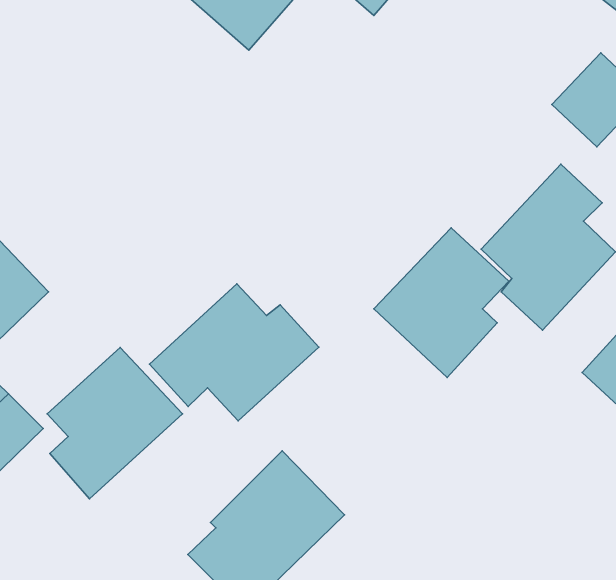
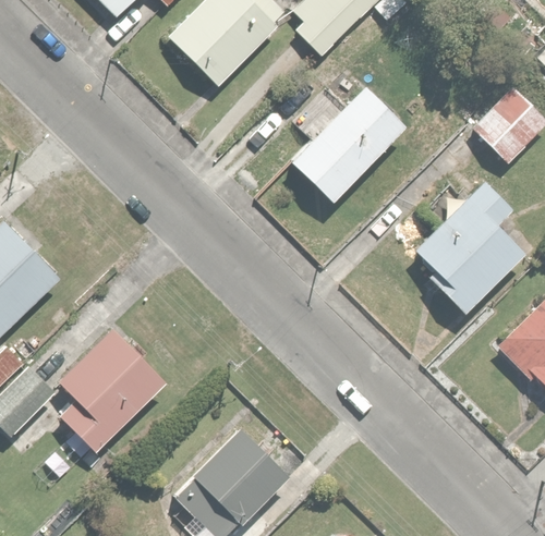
building: none -> [289,85,405,206]
building: [374,228,509,378] -> none
building: [149,284,319,421] -> none

